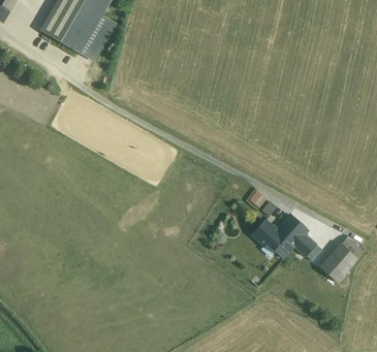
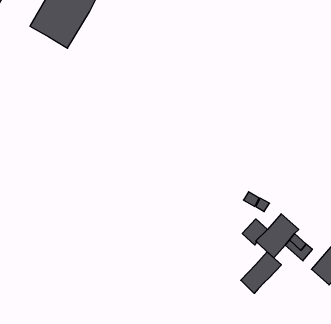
building: [78,15,114,60] -> none
building: none -> [241,252,281,293]

